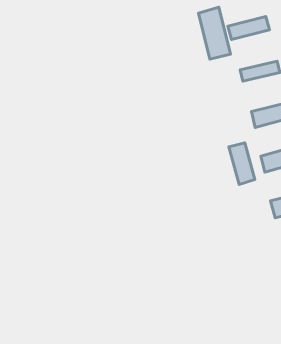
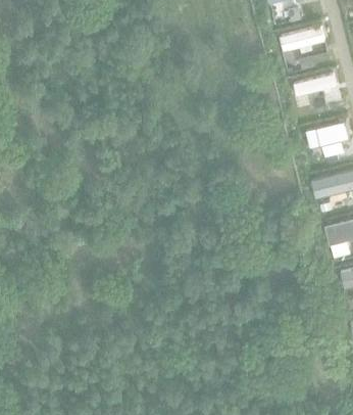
building: [199,7,230,59] -> none
building: [229,143,255,185] -> none

